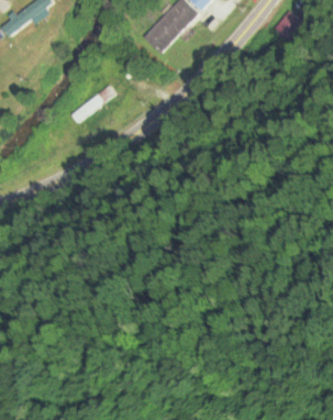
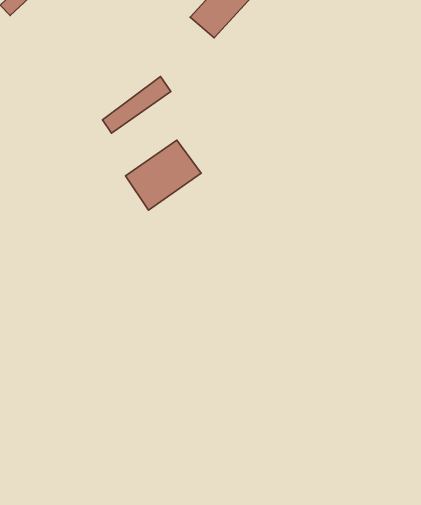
building: none -> [125,140,201,210]

